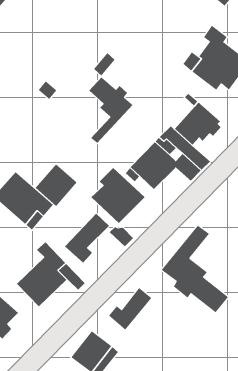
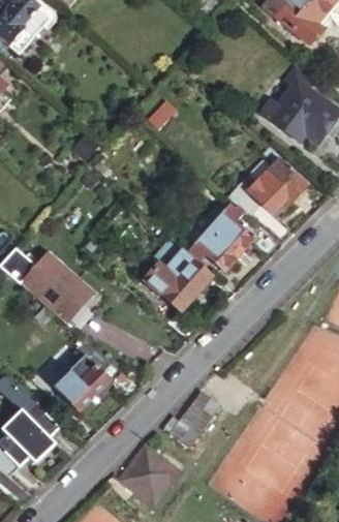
building: [88,76,134,144] -> none
building: [35,163,77,207] -> none
building: [64,213,110,263] -> none
building: [161,225,229,313] -> none

